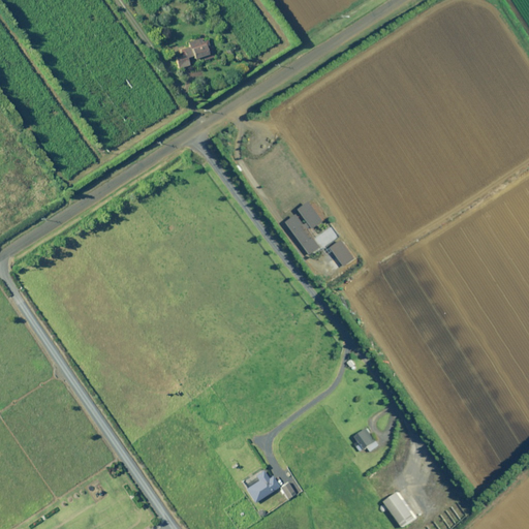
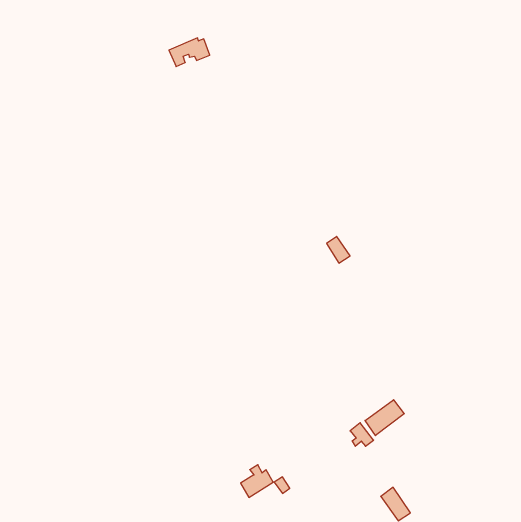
building: [286,200,323,254] -> none
building: none -> [365,400,404,436]

